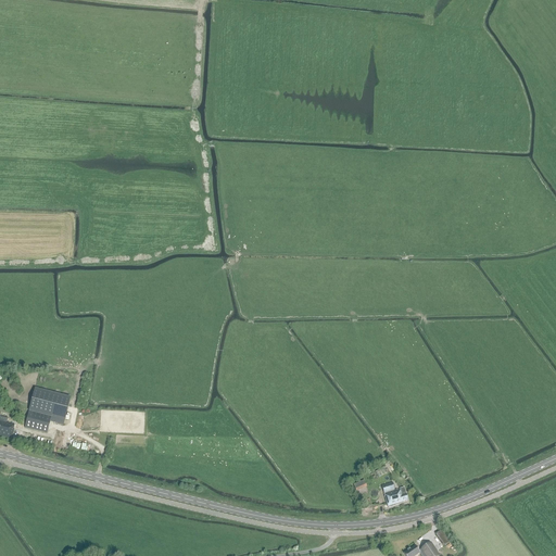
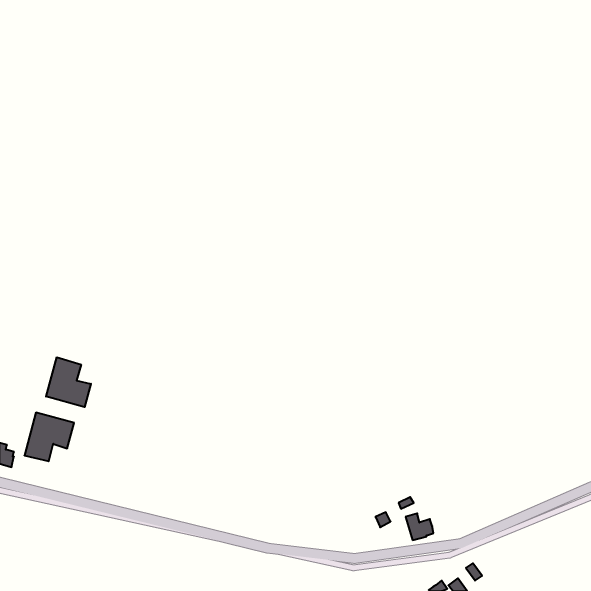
building: none -> [46,357,91,407]

